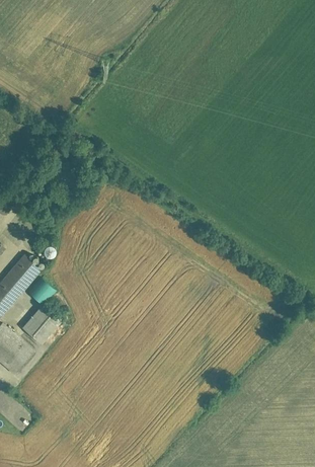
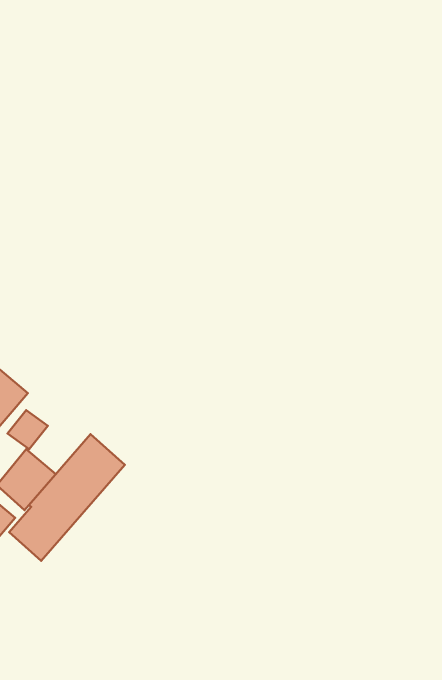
building: none -> [9,434,125,561]

